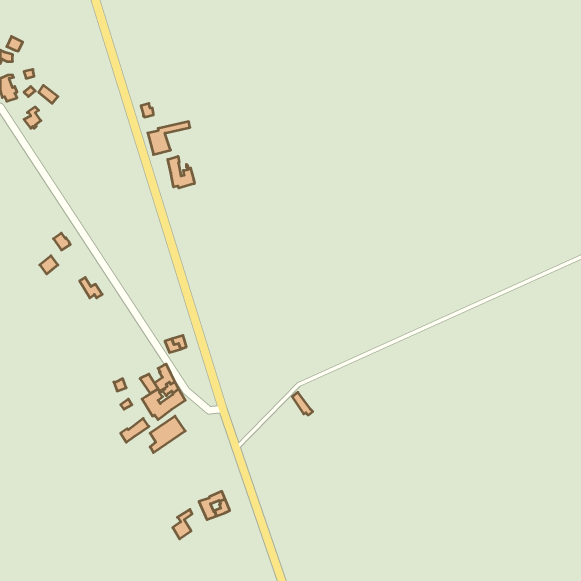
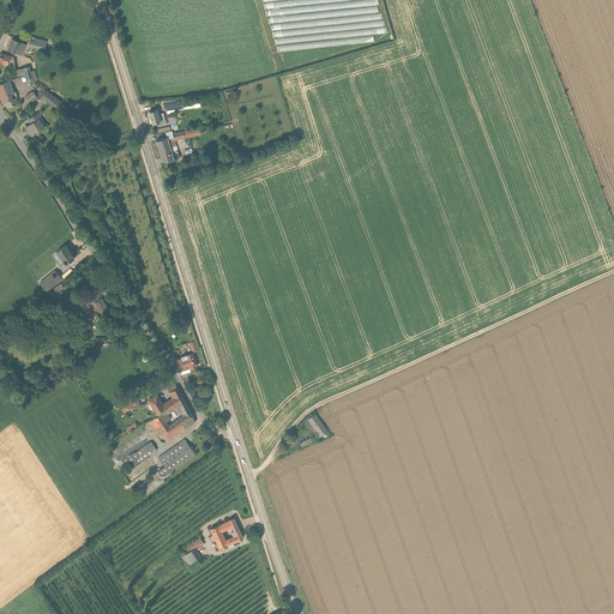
building: [168,156,194,188] -> none

